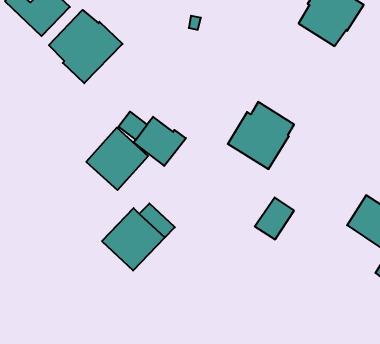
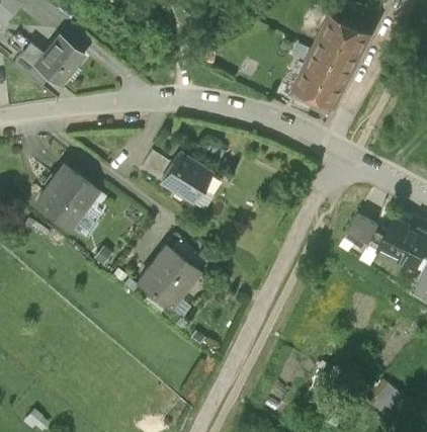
building: [49,10,123,83] -> none
building: [228,102,294,169] -> [286,51,350,116]
building: [86,128,148,190] -> [36,167,97,229]
building: [255,197,294,239] -> [339,213,376,255]

